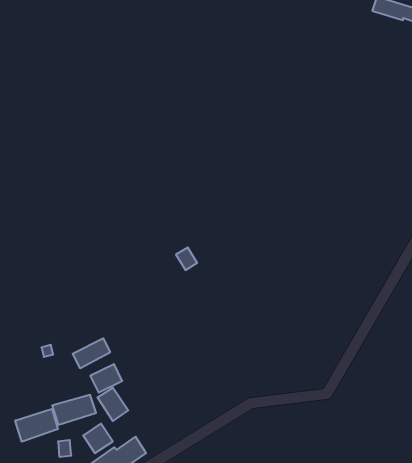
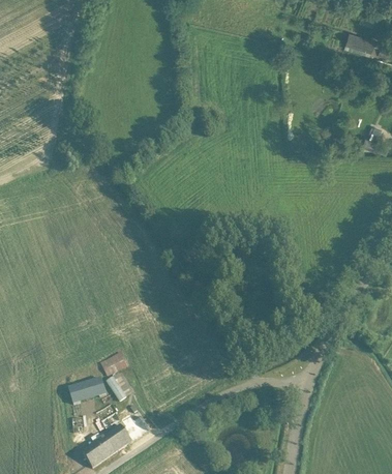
building: [73,338,110,368] -> none
building: [15,409,58,442] -> none

